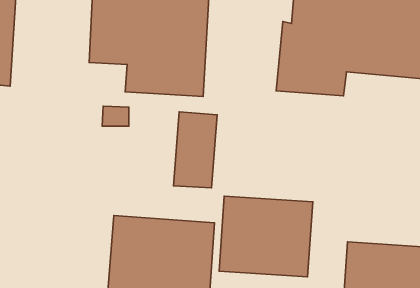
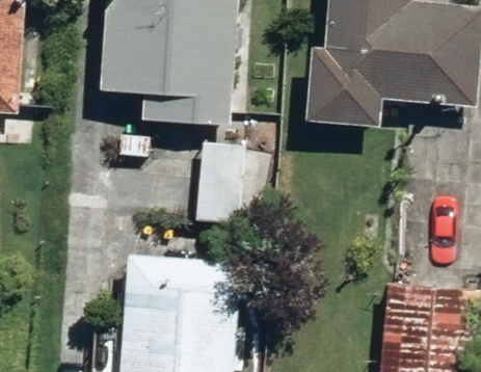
building: [219,196,313,277] -> none

